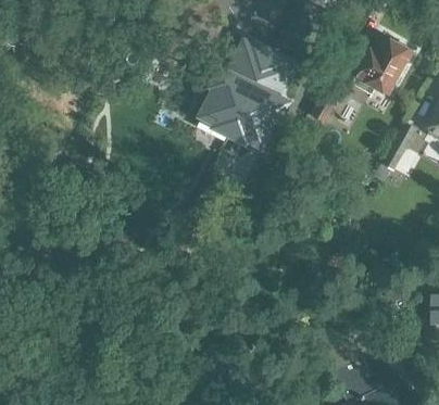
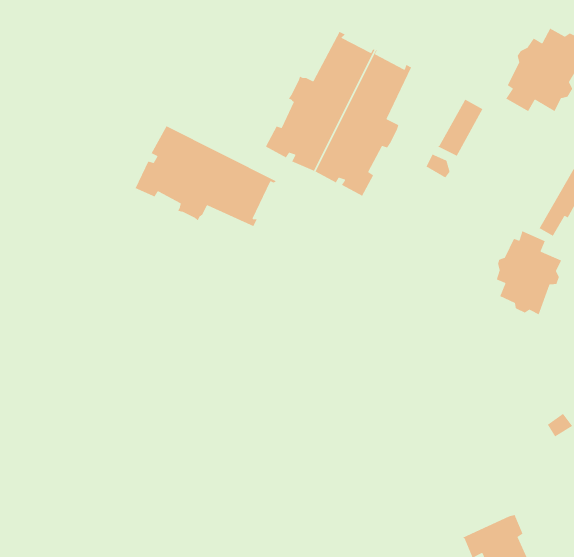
building: none -> [134,125,277,227]
building: none -> [496,230,562,315]

